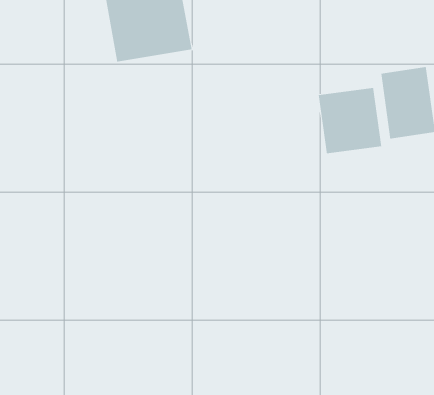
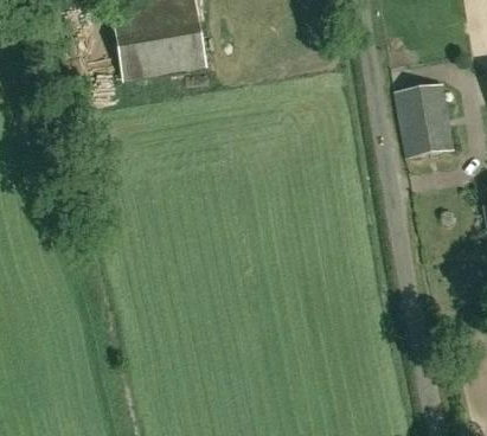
building: [318,87,382,154] -> none

